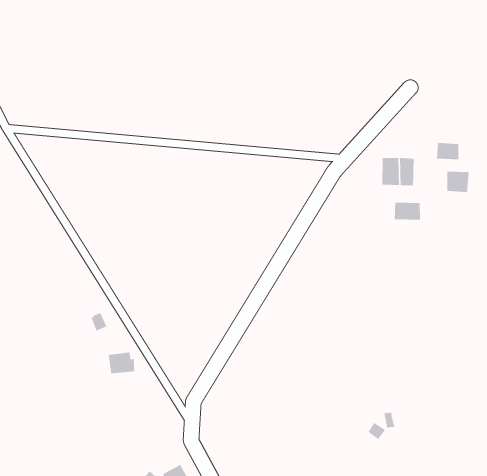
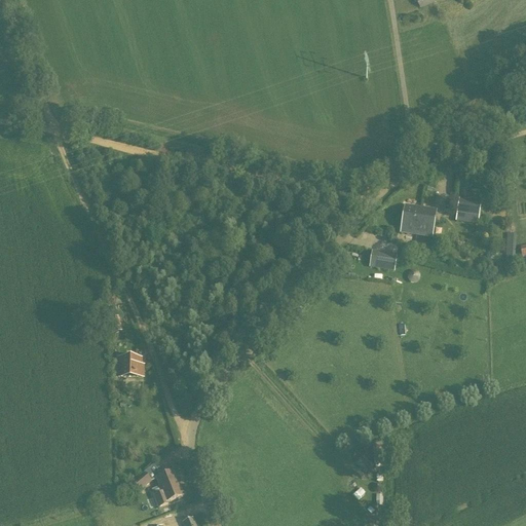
building: [447,171,469,193] -> none
building: [394,202,421,220] -> [368,248,396,268]

